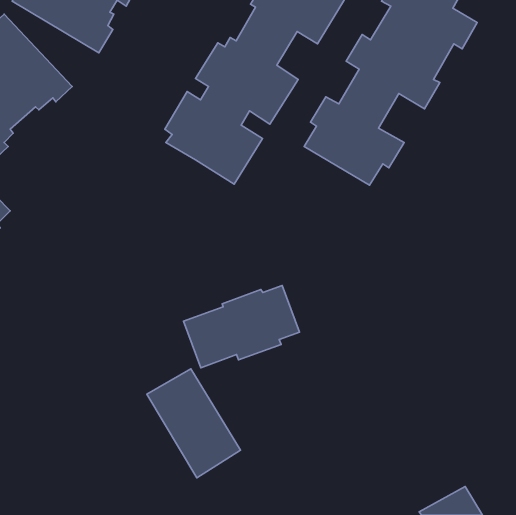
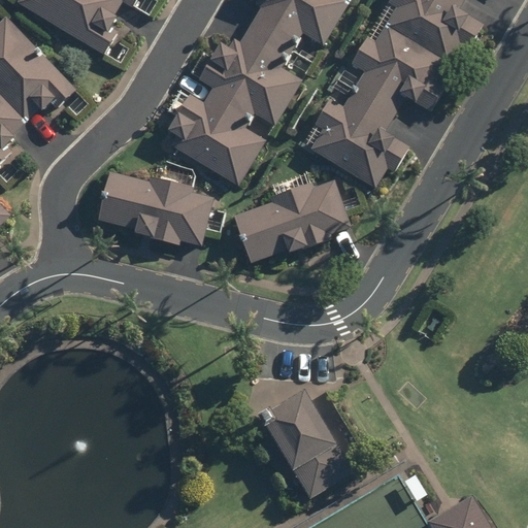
building: none -> [98,171,211,244]
building: [184,285,300,368] -> [232,178,350,262]
building: [147,369,241,478] -> [258,387,353,497]

